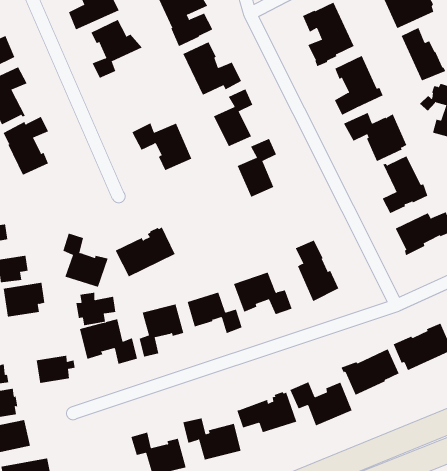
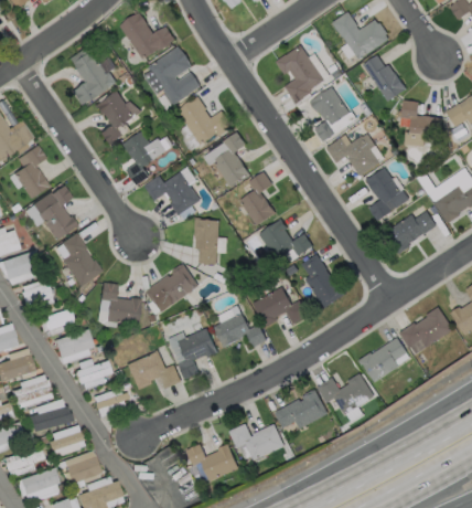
building: none -> [122,131,167,186]
building: none -> [61,233,101,286]
building: none -> [193,219,218,265]
building: none -> [259,220,313,261]
building: [76,292,116,326] -> [75,359,111,390]

